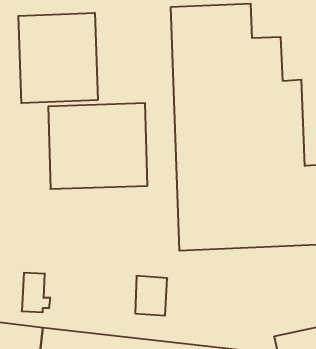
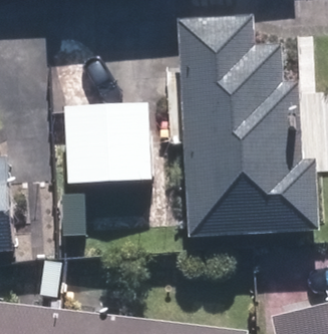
building: [18,13,98,103] -> none

